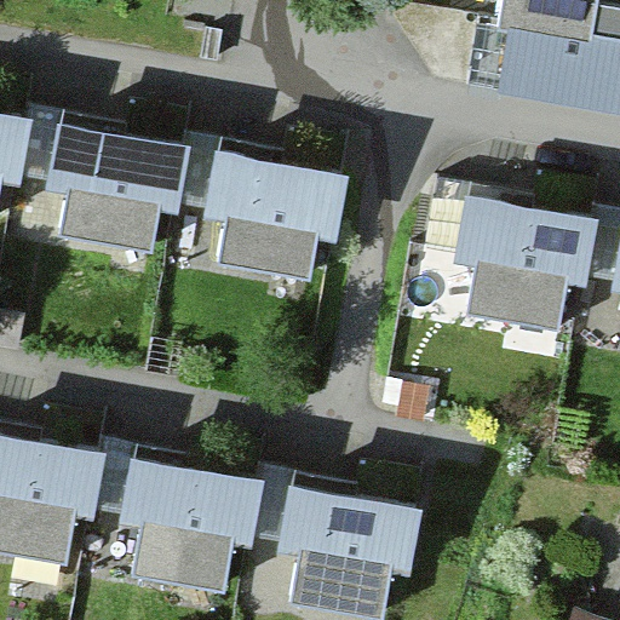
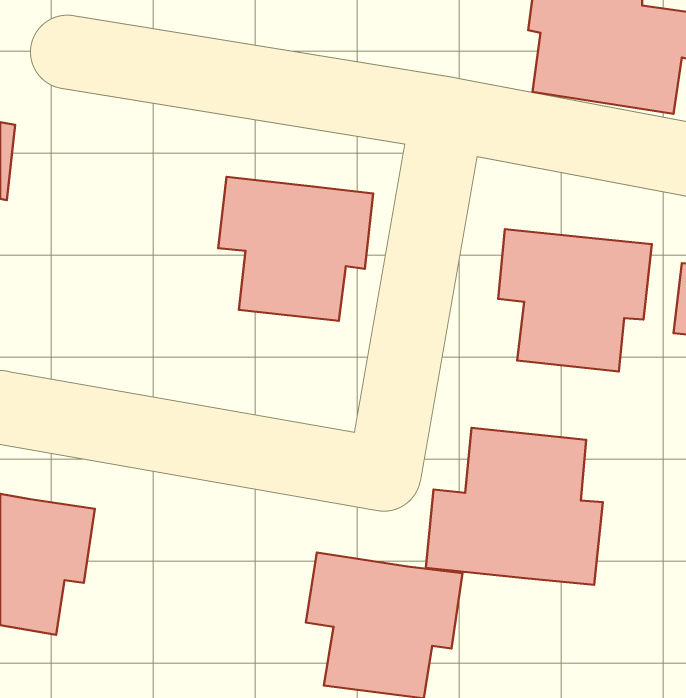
building: [42,125,178,251] -> none
building: none -> [426,428,603,585]
building: [116,459,254,589] -> none

